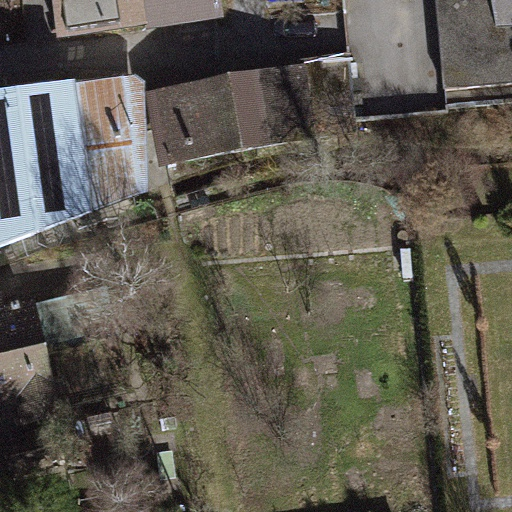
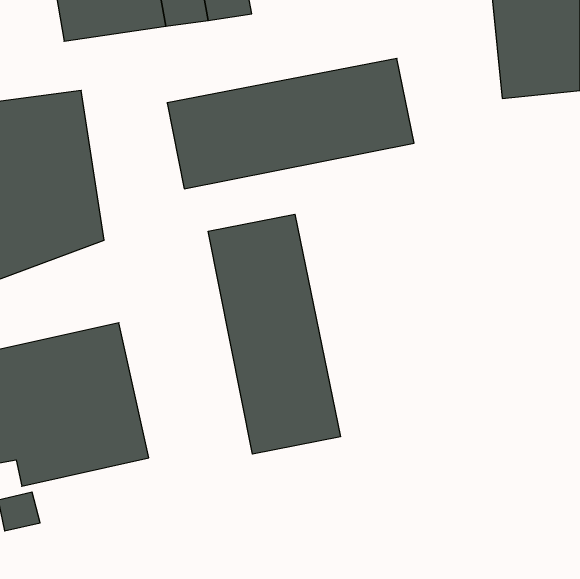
building: [71,72,146,210] -> none
building: none -> [208,214,340,454]

